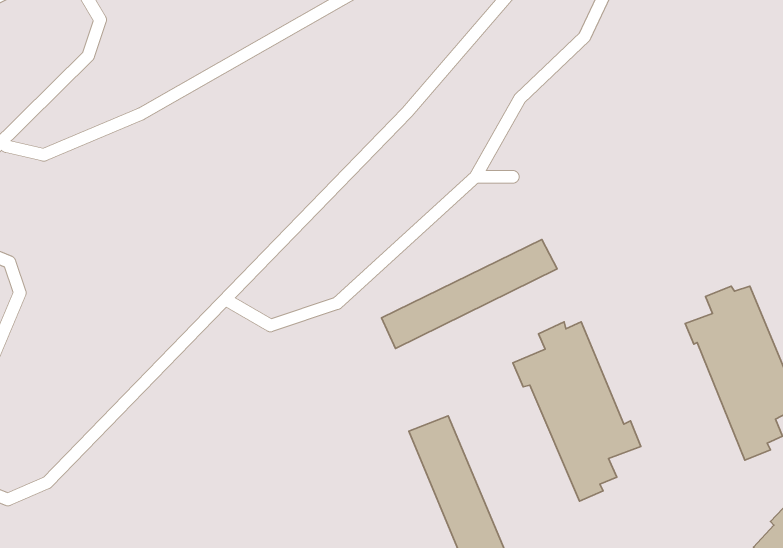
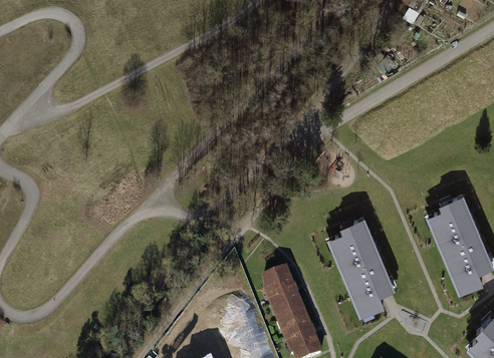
building: [381,239,557,348] -> none

